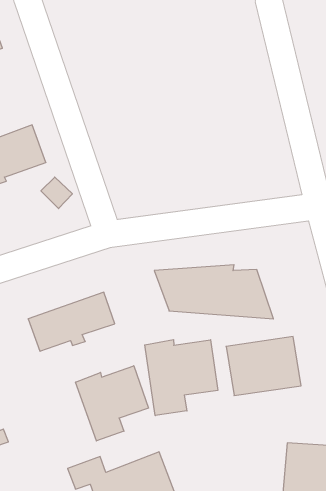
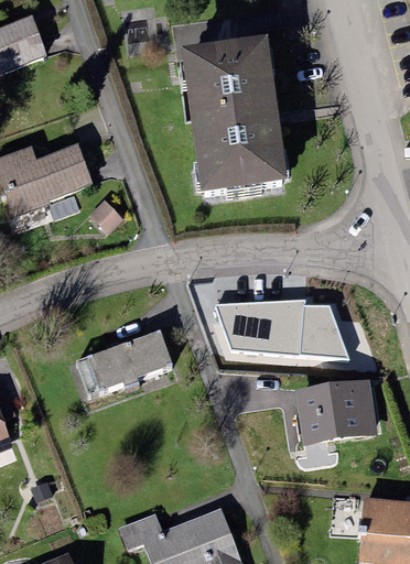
building: none -> [181,34,288,191]
building: [145,340,218,416] -> none
building: [76,366,148,441] -> none

